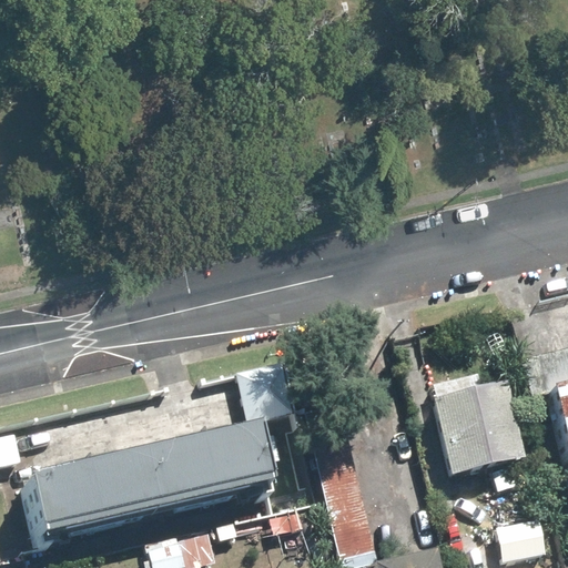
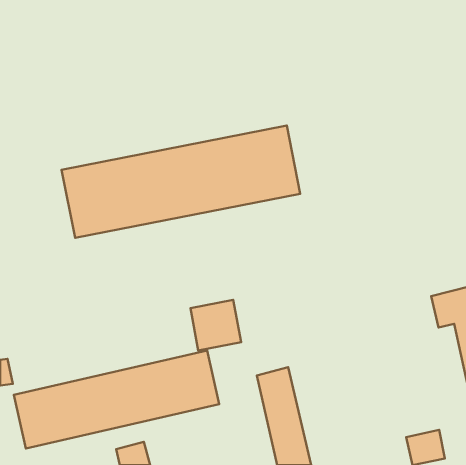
building: none -> [61,126,300,238]
building: [434,379,527,487] -> none

